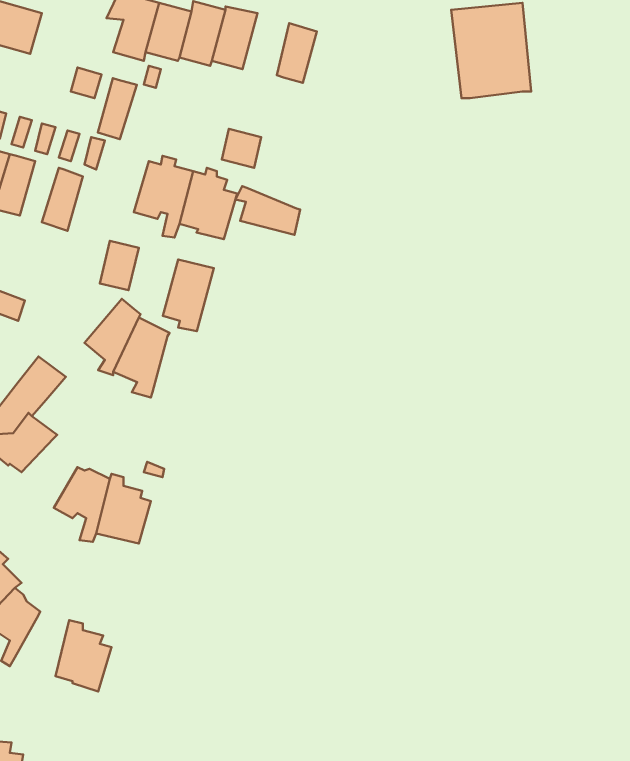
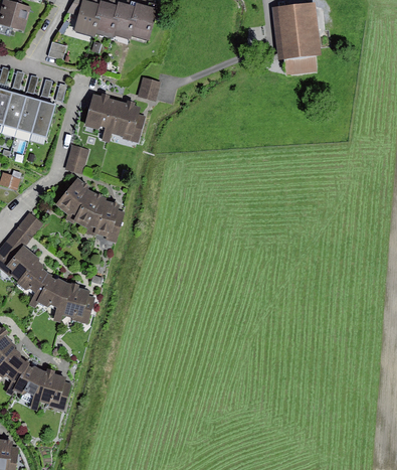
building: [277,23,317,83] -> none
building: [98,78,137,139] -> [17,96,40,132]
building: none -> [283,54,317,74]
building: [235,186,300,235] -> none
building: [163,260,214,331] -> [95,199,126,242]
building: none -> [16,260,52,307]
building: none -> [14,364,45,411]

